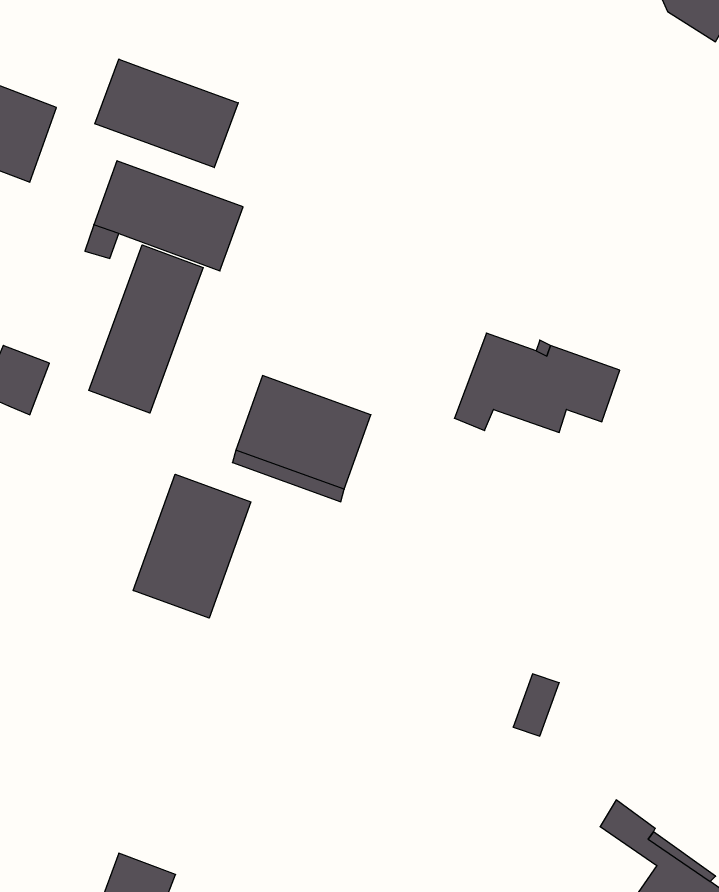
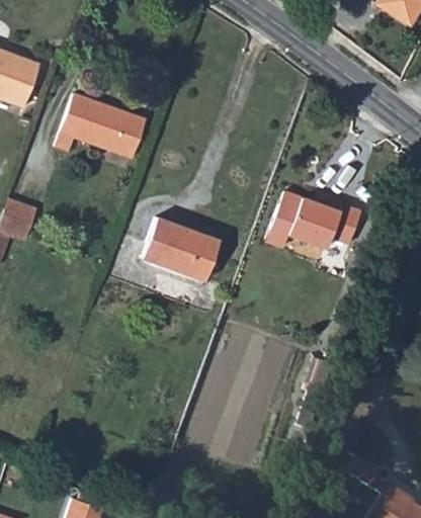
building: [95,59,238,168] -> none
building: [89,245,203,413] -> none
building: [133,474,251,618] -> none

